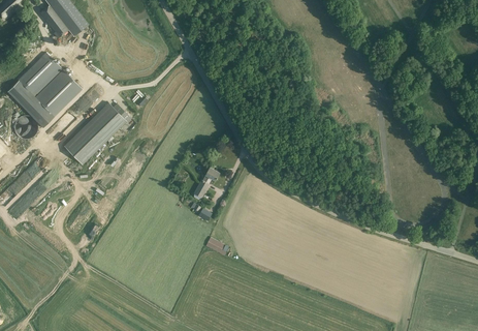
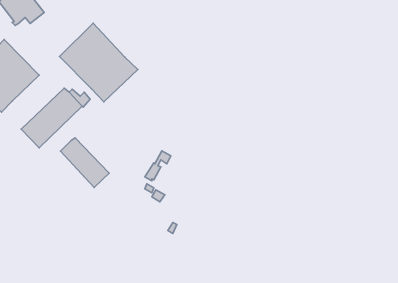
building: none -> [60,23,138,102]
building: none -> [60,138,109,187]

